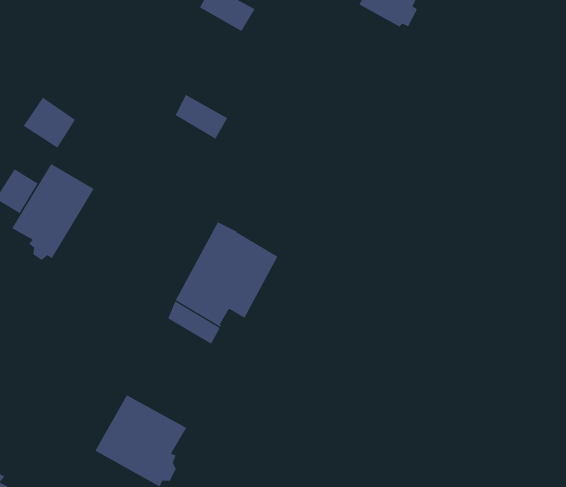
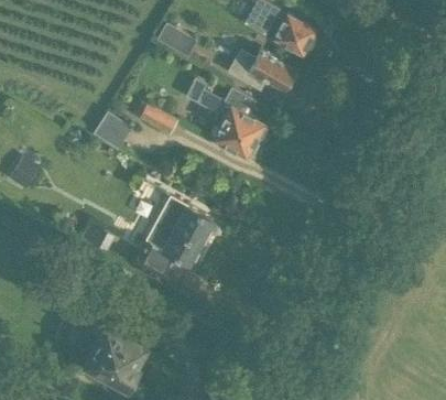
building: none -> [227,48,297,91]
building: none -> [197,88,268,158]
building: [23,97,76,149] -> [93,112,131,150]
building: [11,163,94,261] -> none

